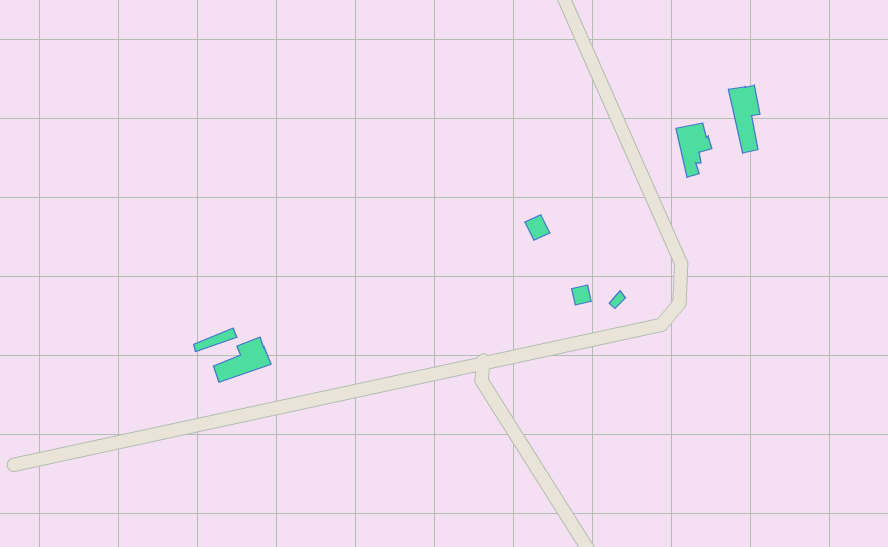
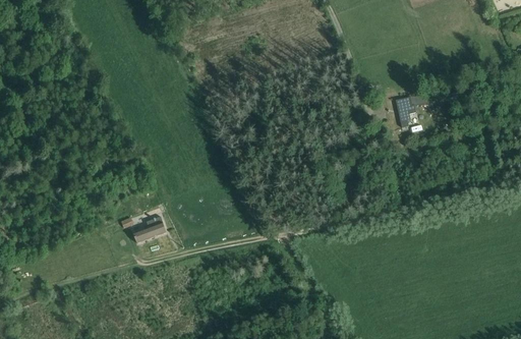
building: [729,85,760,153] -> none

